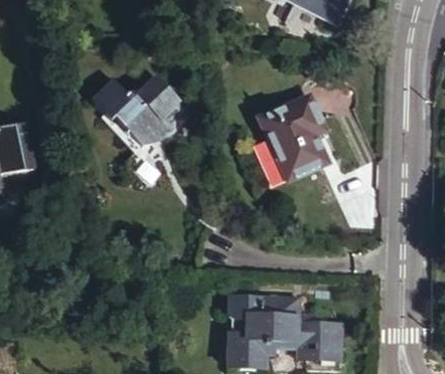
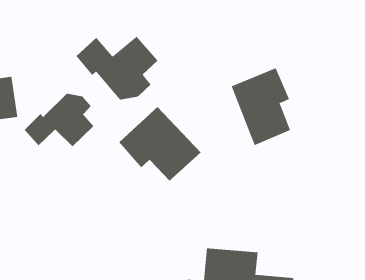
building: none -> [24,93,94,147]
building: none -> [118,106,202,182]

